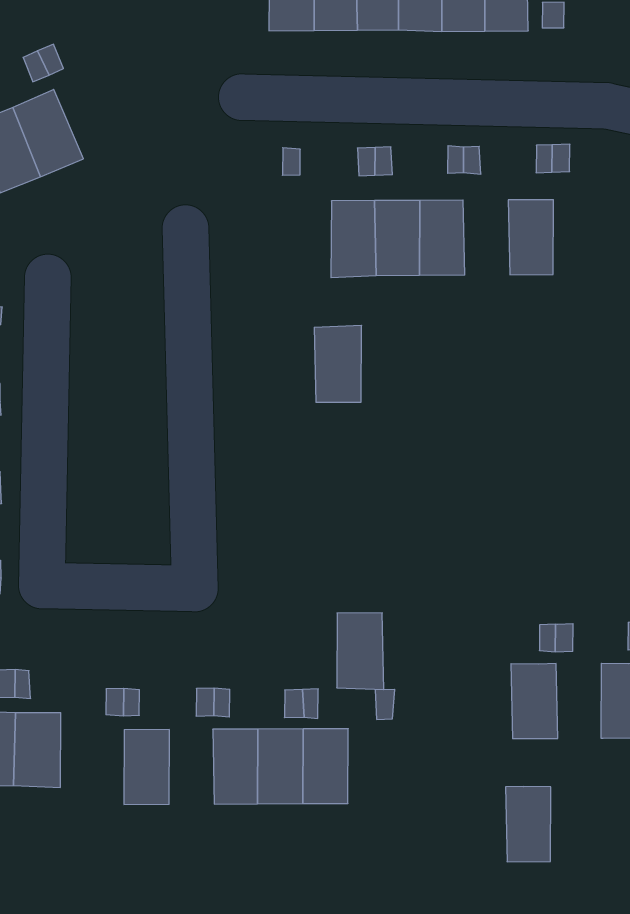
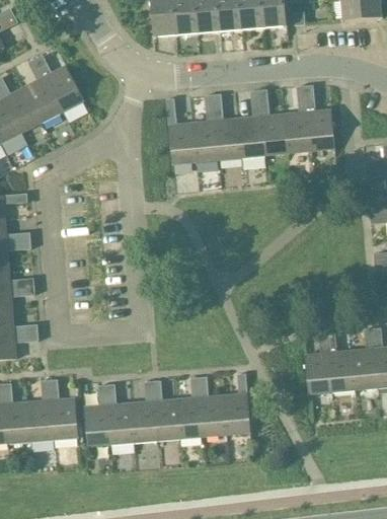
building: none -> [45,66,84,112]
building: none -> [307,109,334,151]
building: none -> [260,115,288,155]
building: [314,325,362,402] -> [168,123,196,164]
building: [337,613,384,690] -> [224,392,251,433]
building: none -> [132,400,158,441]
building: none -> [84,404,111,445]
building: [506,787,551,862] -> [328,350,355,390]

